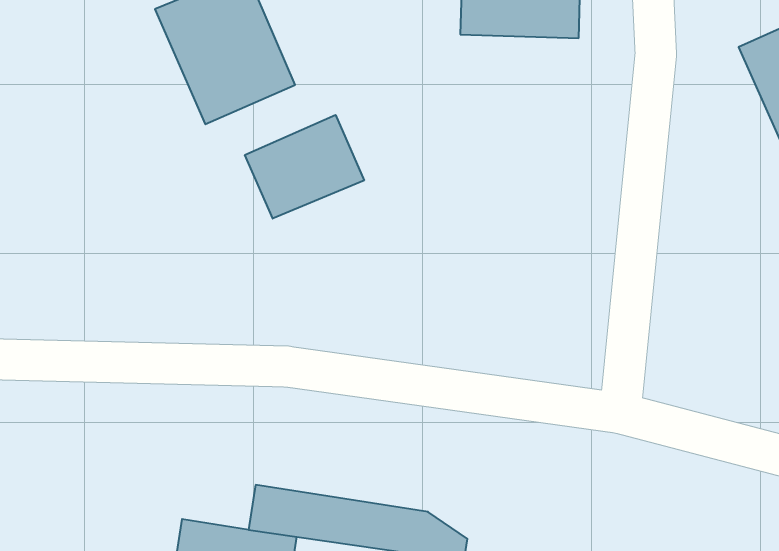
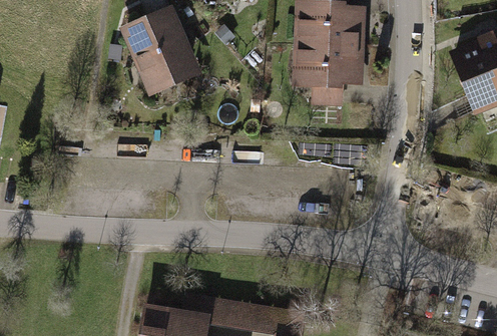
building: none -> [296,42,363,98]
building: [245,115,364,219] -> none

